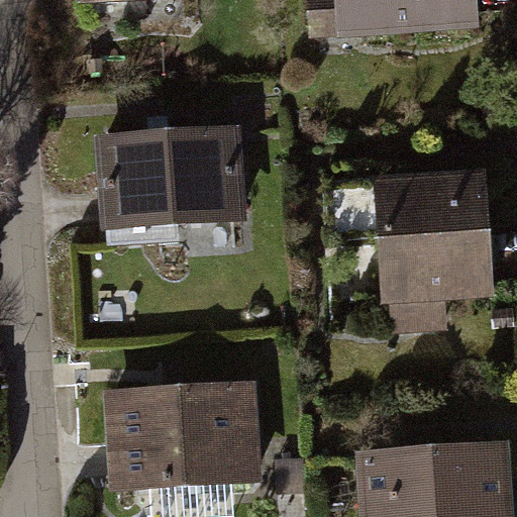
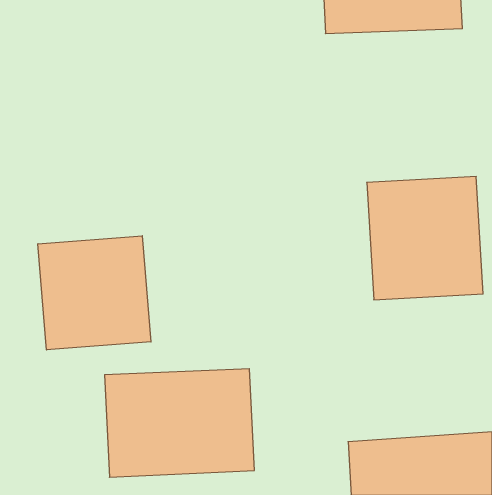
building: [90,131,240,239] -> none
building: none -> [38,236,151,350]

